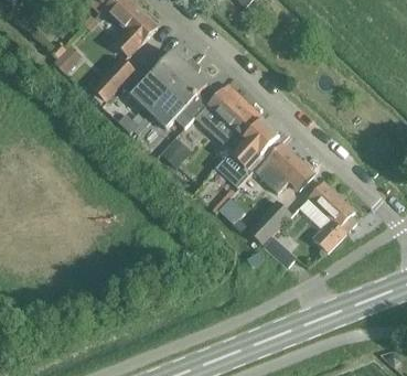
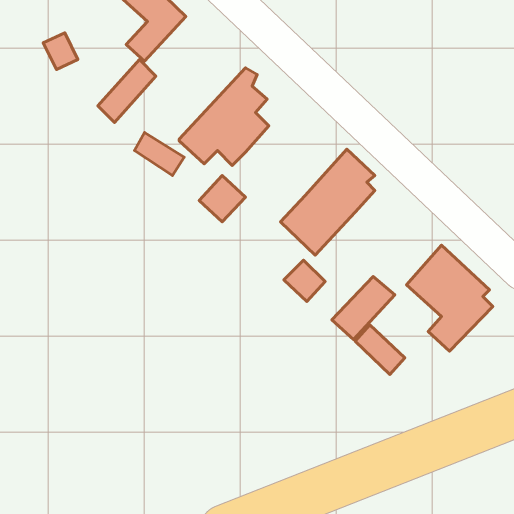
building: [122,53,193,112] -> none
building: [197,85,263,150] -> none
building: [266,143,314,191] -> none

